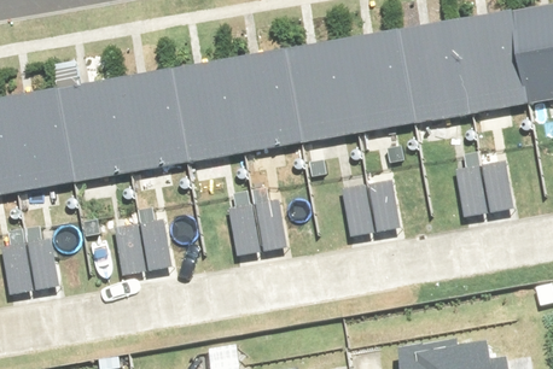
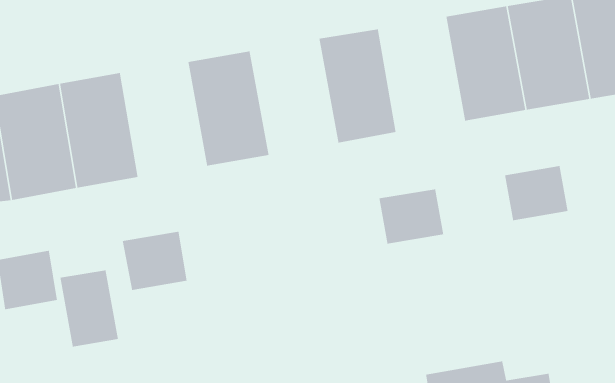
building: [339,30,415,133] -> none
building: [226,49,303,153] -> none
building: [111,70,187,172] -> none
building: [227,198,280,251] -> none
building: none -> [60,270,119,347]

